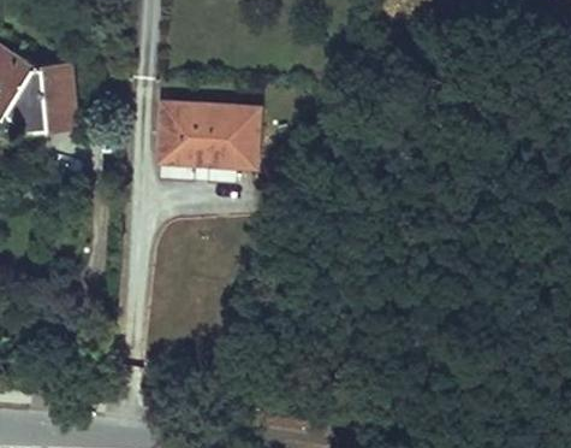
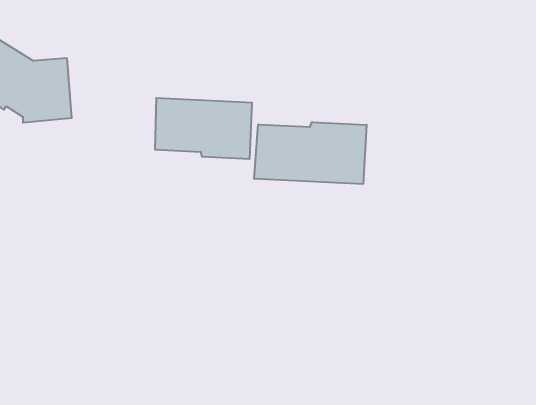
building: none -> [254,122,367,184]

